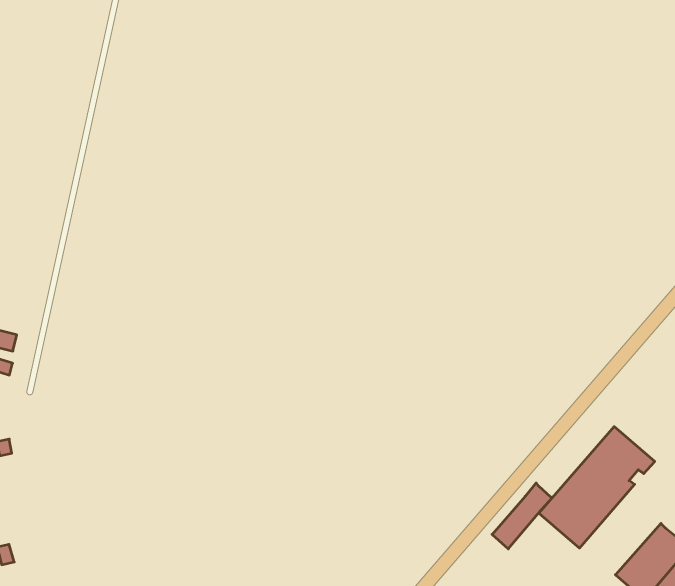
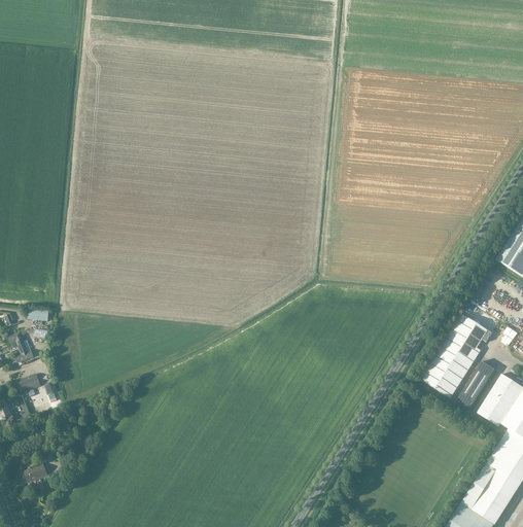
building: [492,483,552,549] -> [460,361,497,409]

